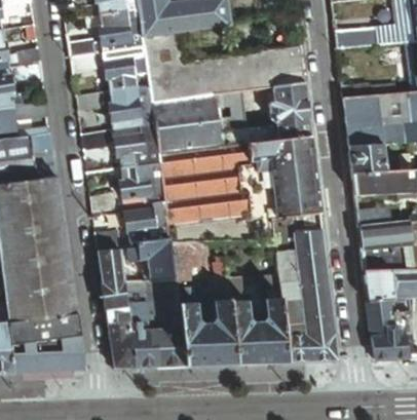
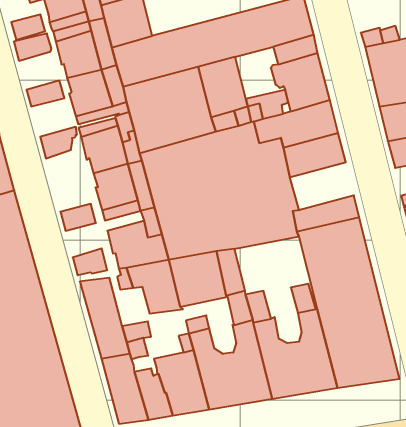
building: [272,185,320,218] -> none

